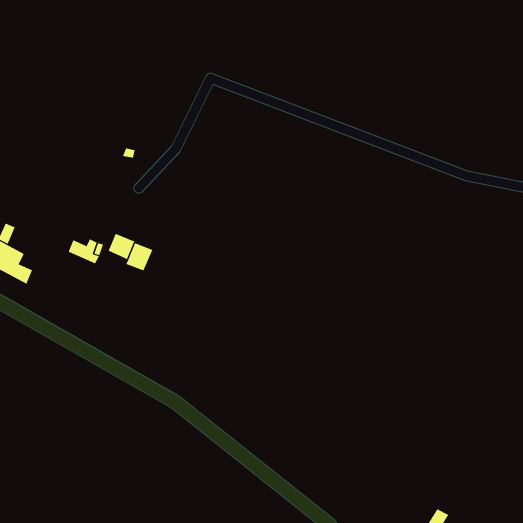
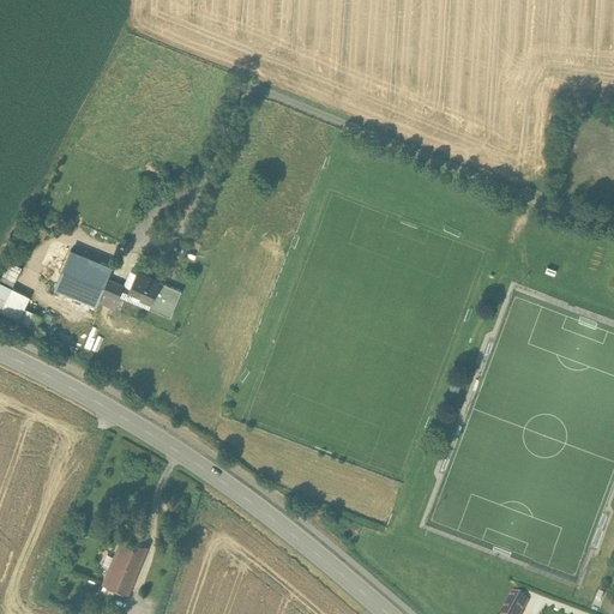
building: none -> [62,261,104,296]
building: none -> [102,540,144,595]

